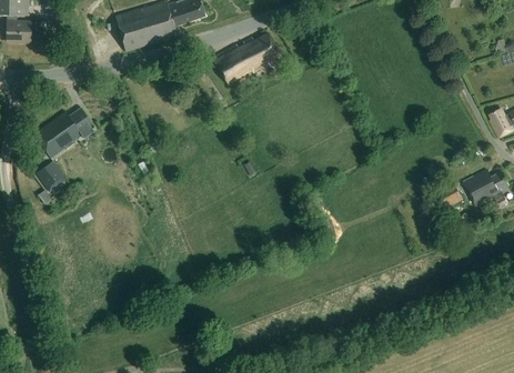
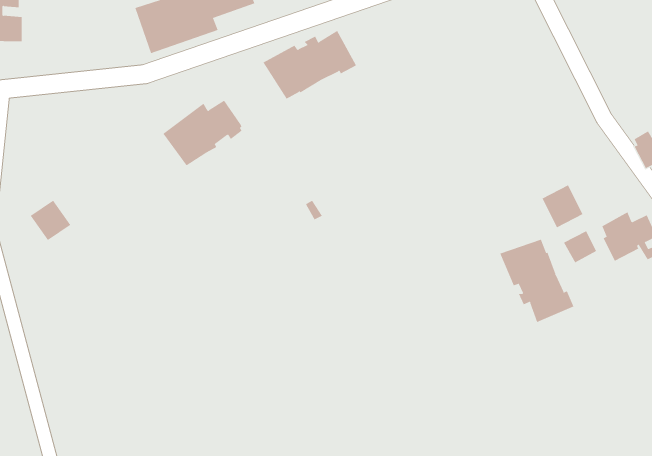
building: [33,108,93,158] -> [163,100,242,166]
building: none -> [542,184,583,228]
building: none -> [500,239,574,323]

